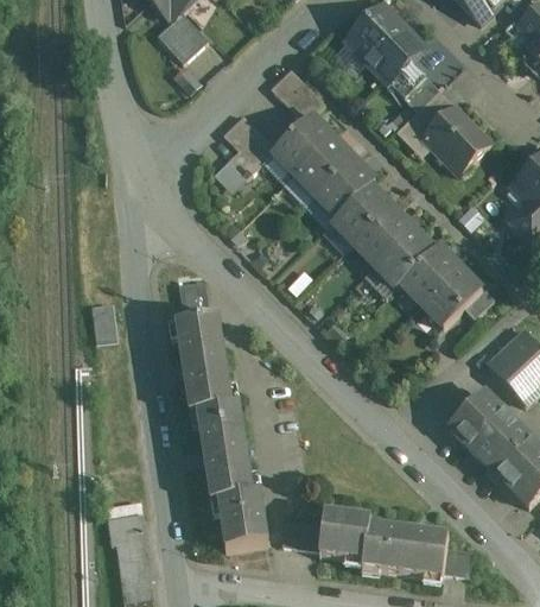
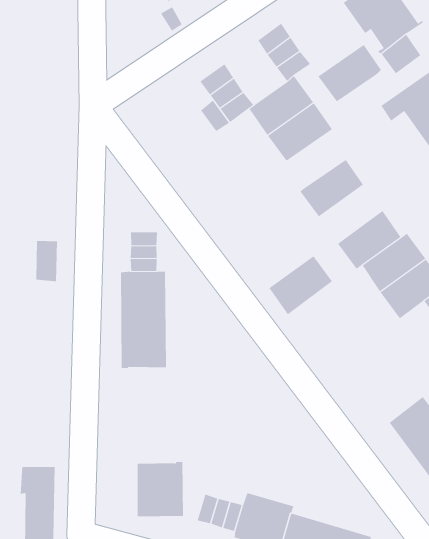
building: [315,158,374,216] -> [317,44,382,102]
building: [352,206,412,265] -> [269,256,333,315]
building: [196,403,253,501] -> none

